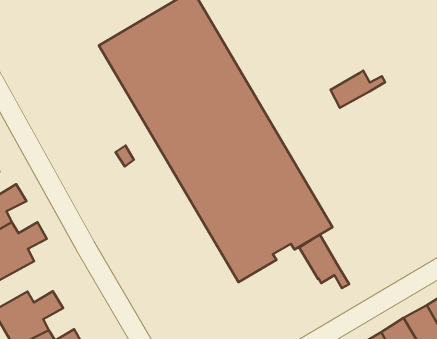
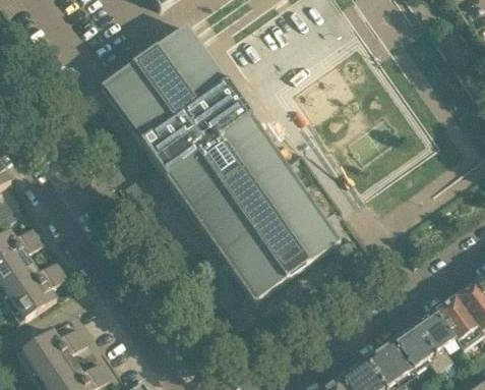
building: [331,70,385,108] -> none
building: [299,235,349,288] -> none

